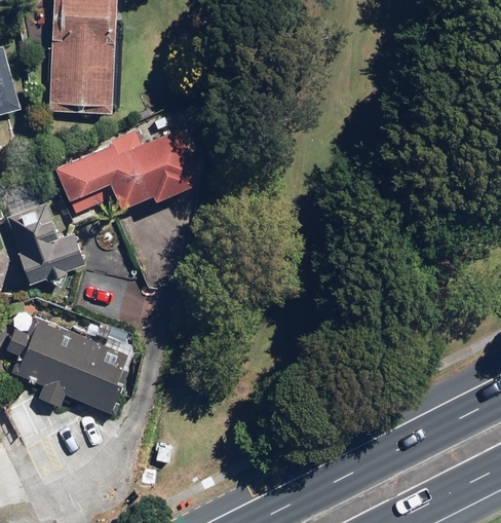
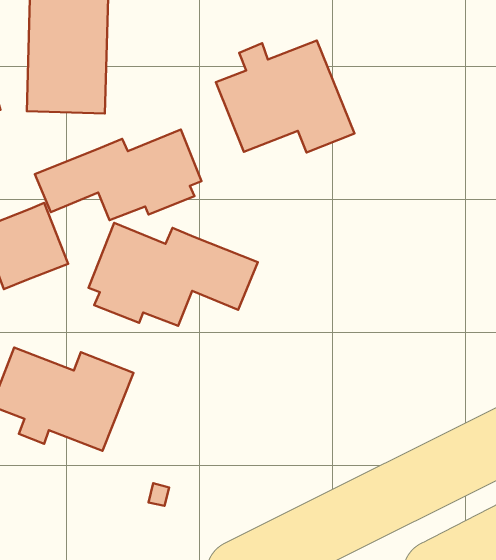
building: none -> [216,41,354,153]
building: none -> [89,223,258,326]

